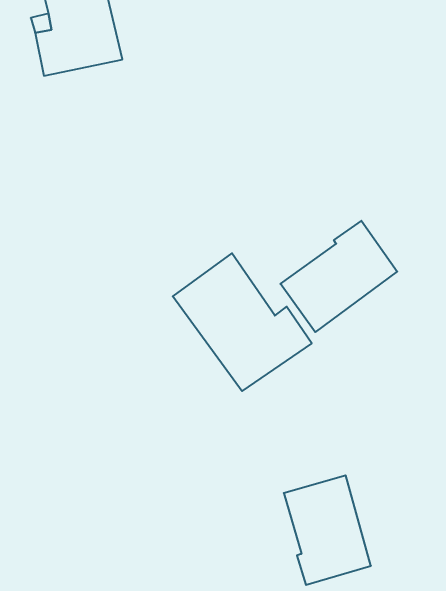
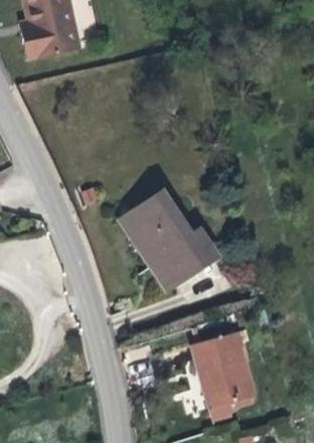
building: [280,221,397,332] -> none

